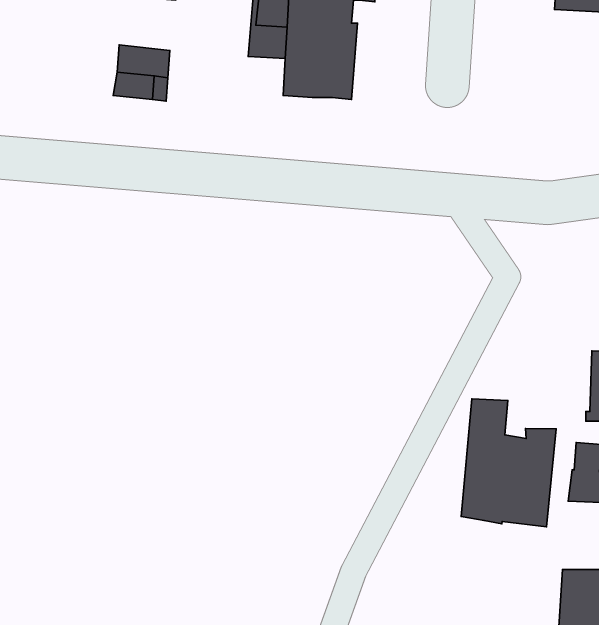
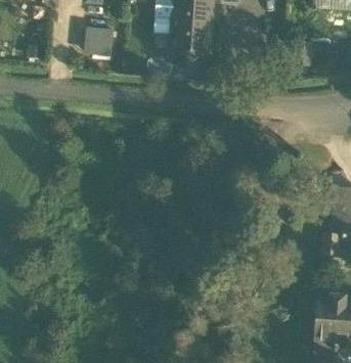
building: [461,399,556,527] -> none

